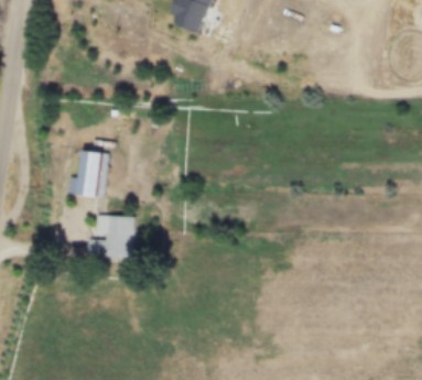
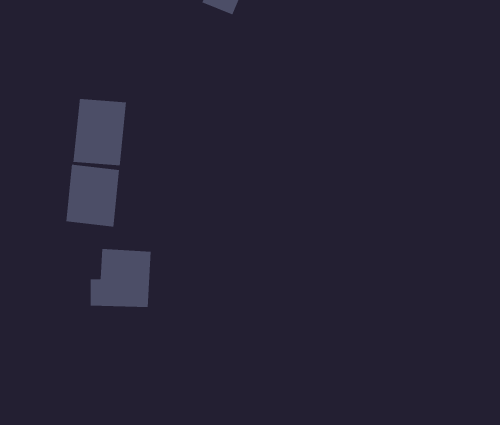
building: none -> [73,98,127,166]

